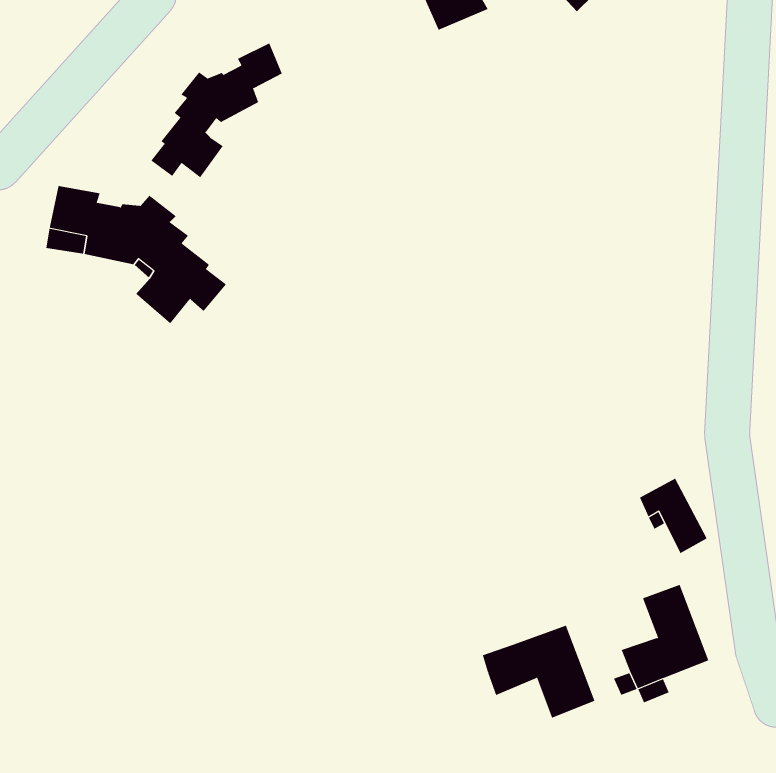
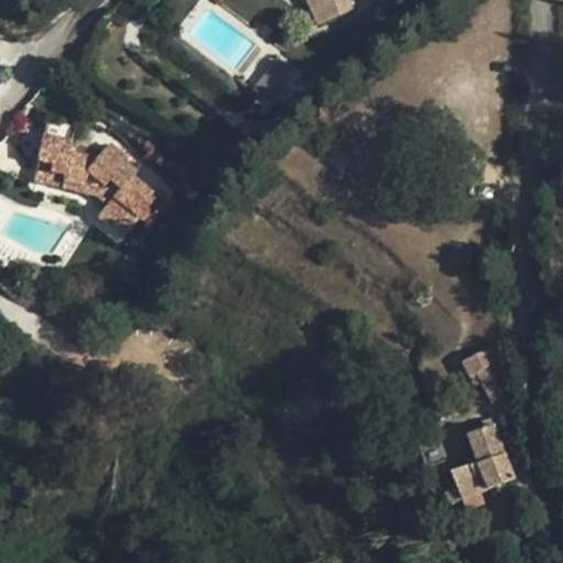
building: [151,42,283,178] -> none
building: [482,625,595,718] -> none

